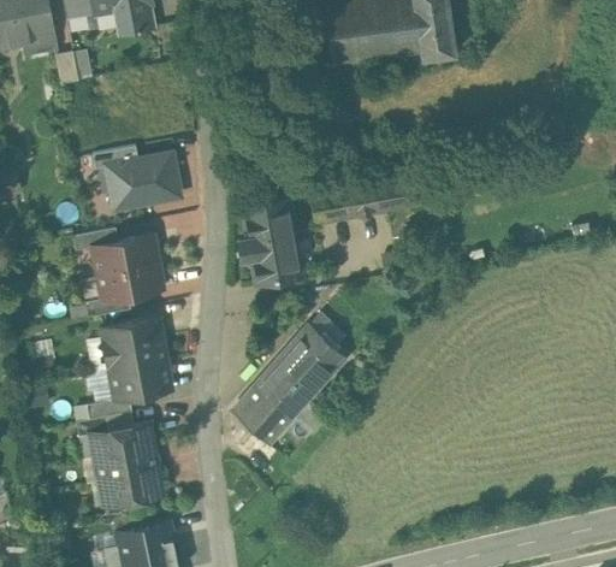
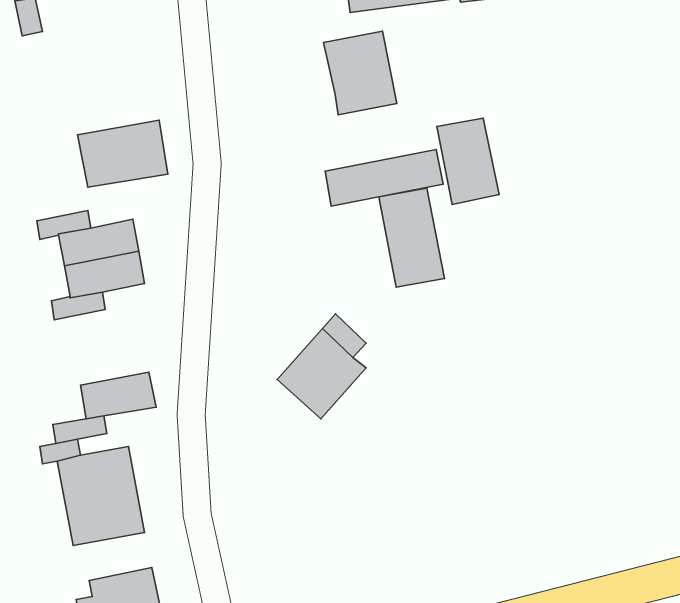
building: none -> [324,31,397,115]
building: none -> [437,118,499,205]
building: [244,199,298,280] -> [379,188,444,287]
building: [101,318,166,371] -> none
building: [232,366,308,444] -> none

